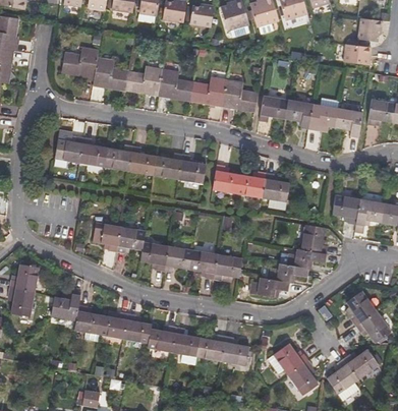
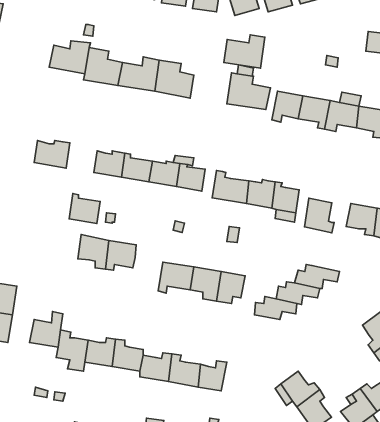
building: [190,76,227,106] -> [224,35,265,68]
building: [80,140,108,167] -> [69,194,100,223]
building: [298,224,325,254] -> [304,198,334,233]
building: [137,242,166,272] -> none
building: [218,335,246,365] -> none

